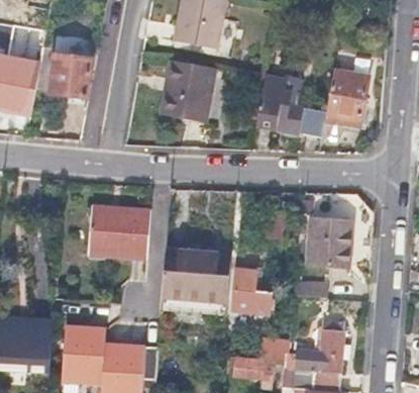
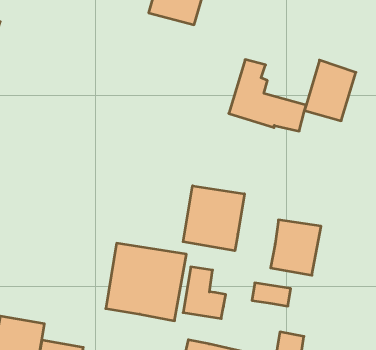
building: [51,53,93,102] -> none
building: [163,59,216,120] -> none
building: none -> [183,186,244,251]
building: [90,206,152,256] -> none

